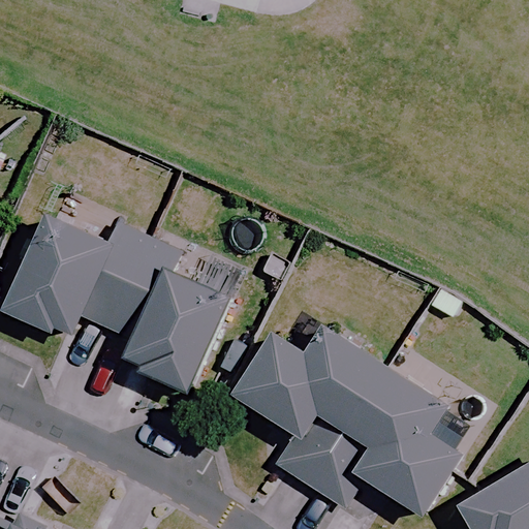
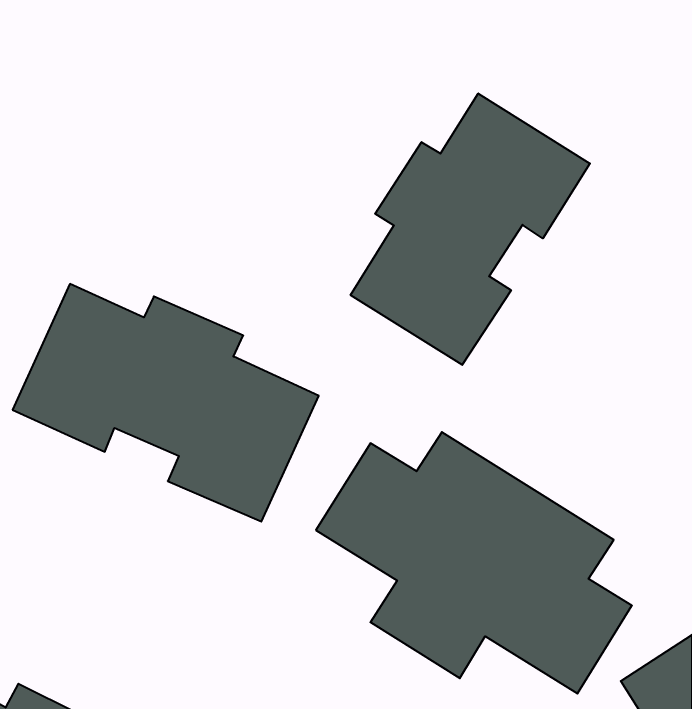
building: none -> [351,93,590,365]

